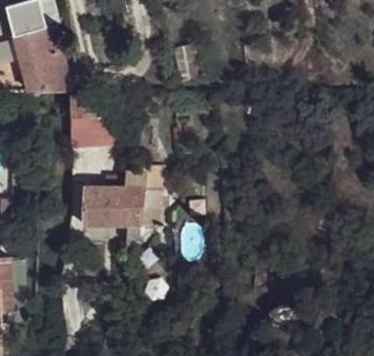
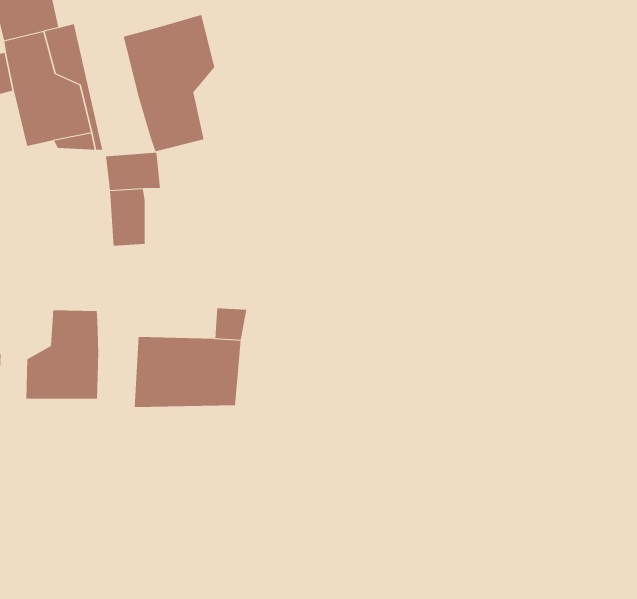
building: none -> [123,14,215,152]
building: none -> [26,309,99,400]

